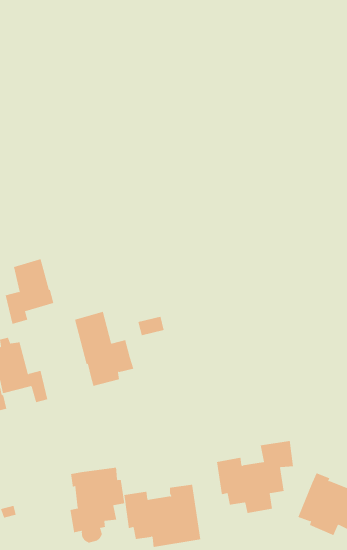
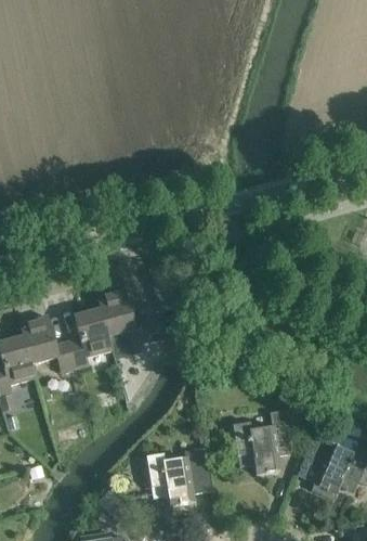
building: [5,259,54,324] -> [66,309,112,370]
building: [70,467,125,543] -> none

